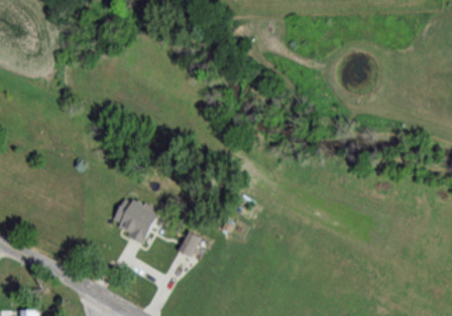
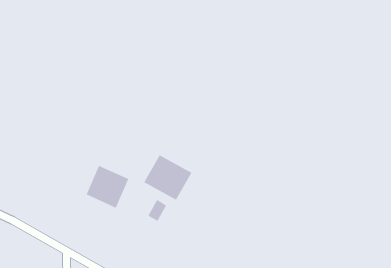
building: none -> [144,154,192,200]

